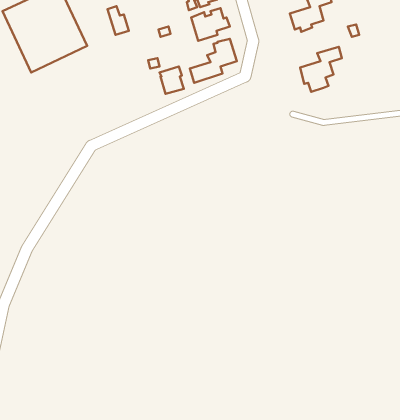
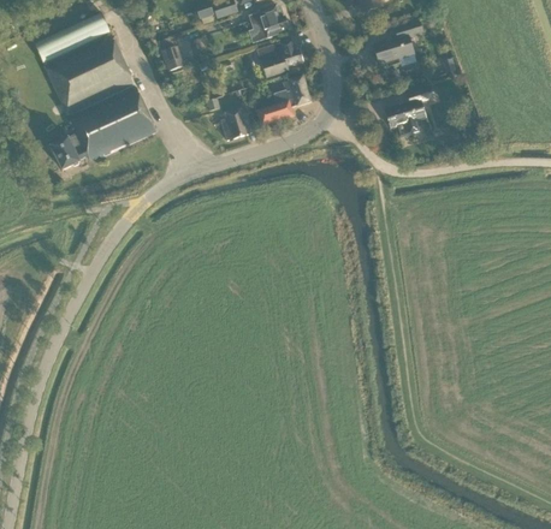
building: none -> [51,87,156,170]

